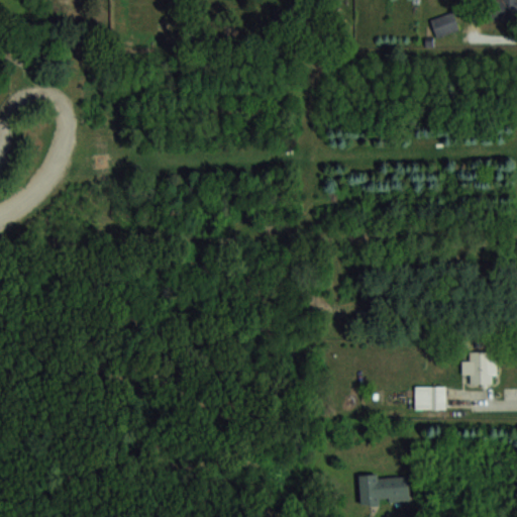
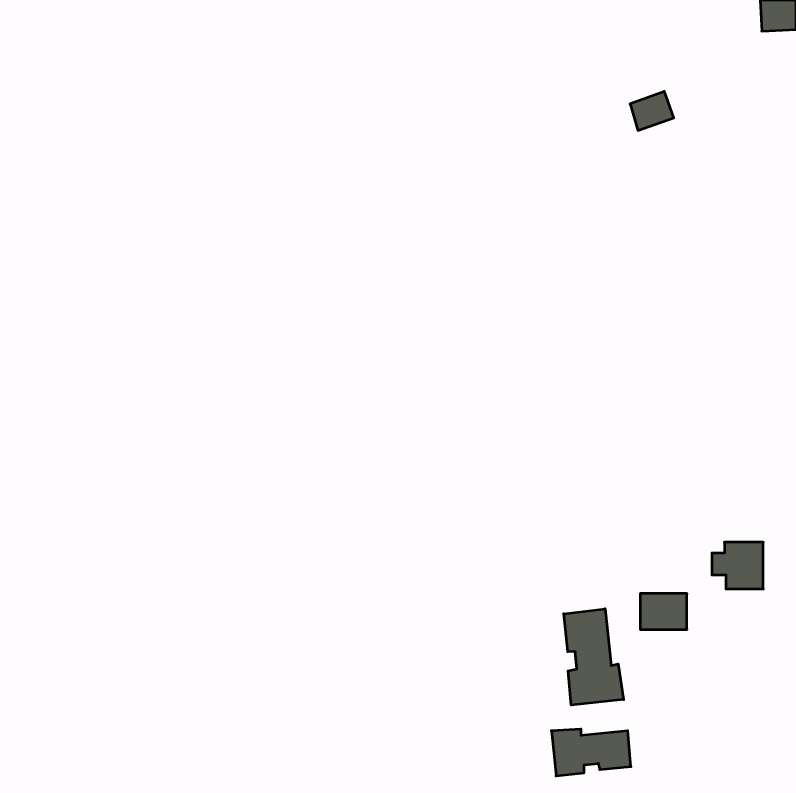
building: [431,13,459,38] -> [630,91,674,130]
building: none -> [564,609,624,705]

